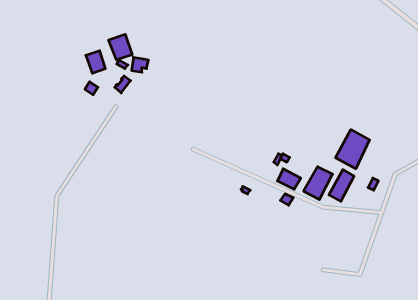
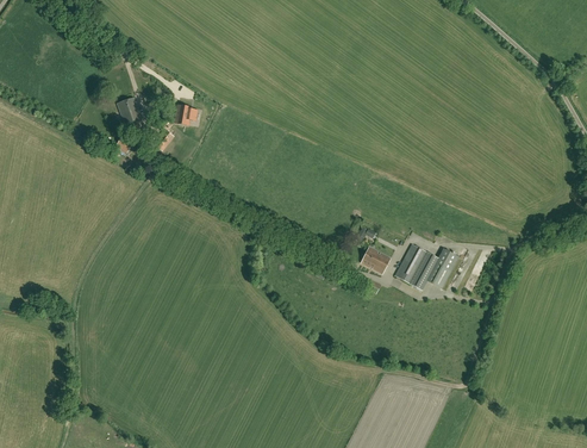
building: [109,34,132,60] -> none
building: [336,130,370,169] -> none

